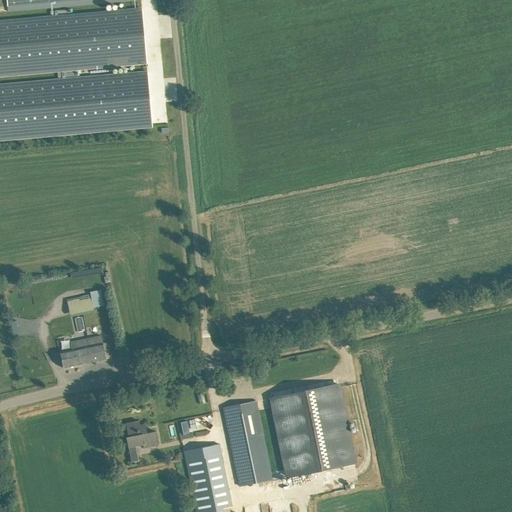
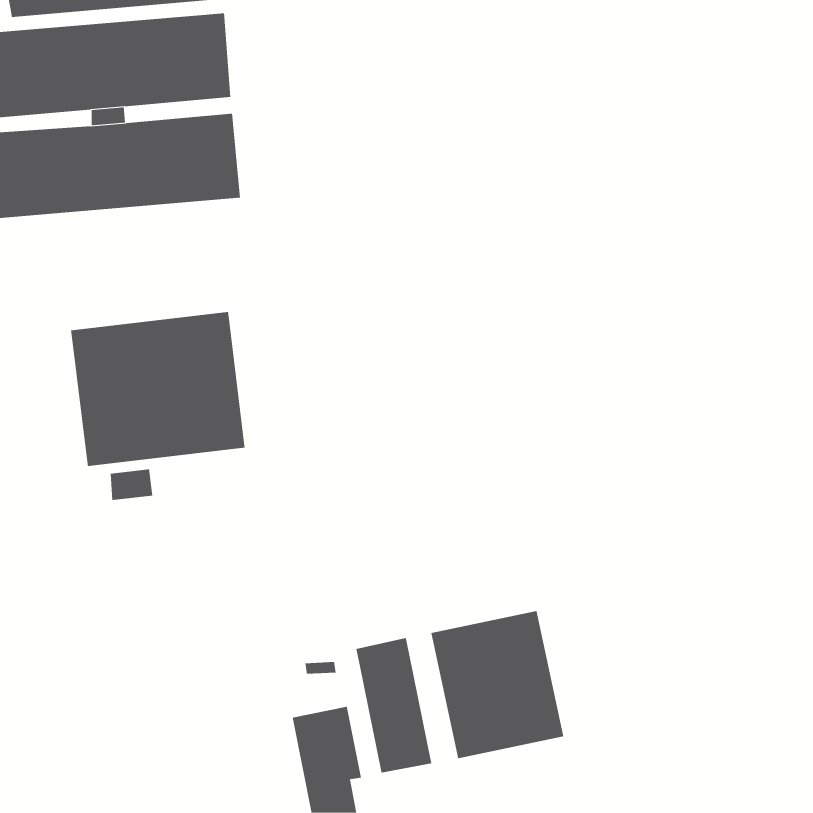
building: none -> [71,311,245,467]
building: [59,334,113,367] -> none
building: [125,420,157,447] -> none

